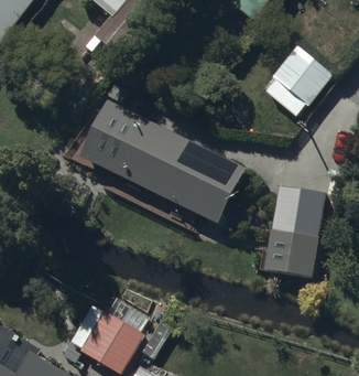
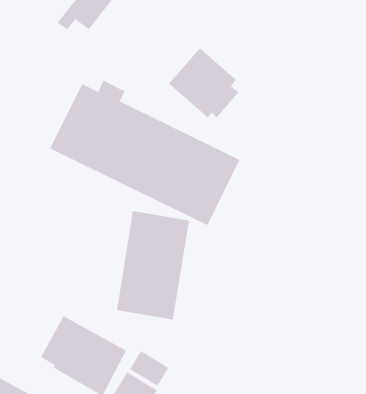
building: [272,44,335,107] -> [168,47,239,119]
building: [262,182,327,279] -> [116,211,190,320]

